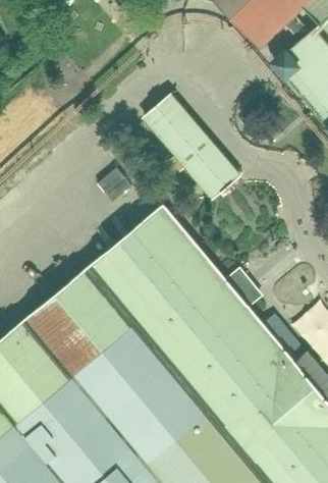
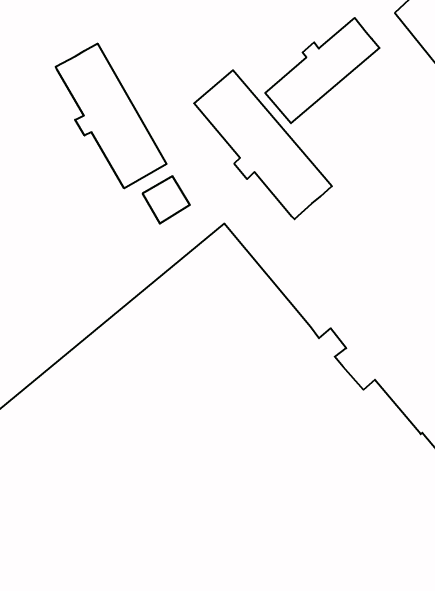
building: none -> [265,18,380,123]
building: none -> [56,44,167,188]

